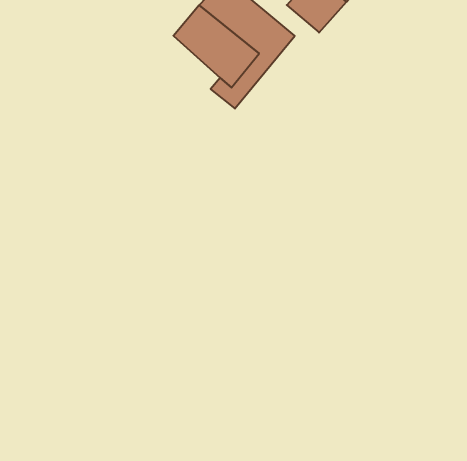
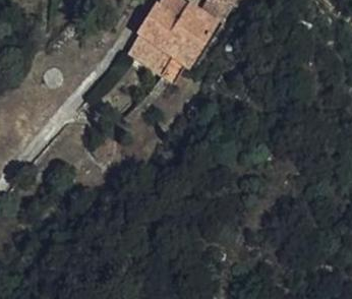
building: none -> [123,26,167,69]

